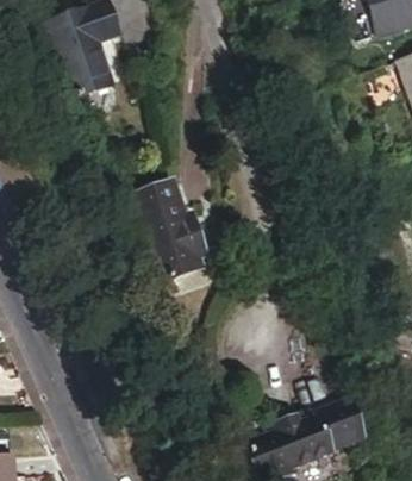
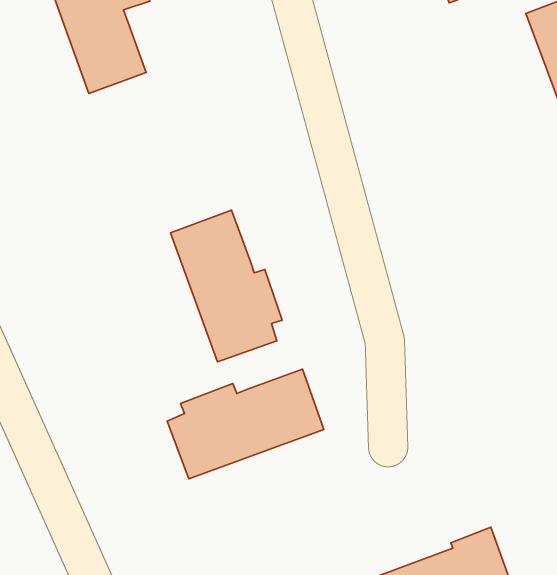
building: none -> [167,369,324,479]

